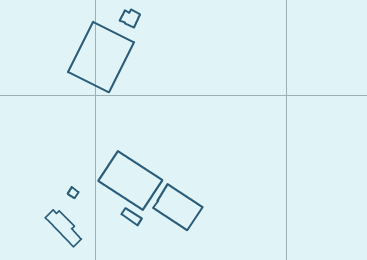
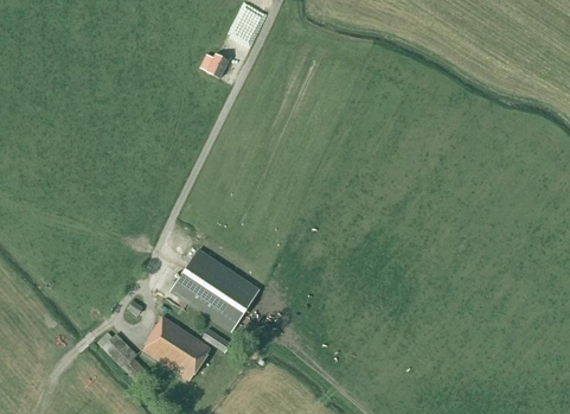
building: [68,22,134,92] -> none
building: [153,184,203,230] -> [142,316,211,380]

